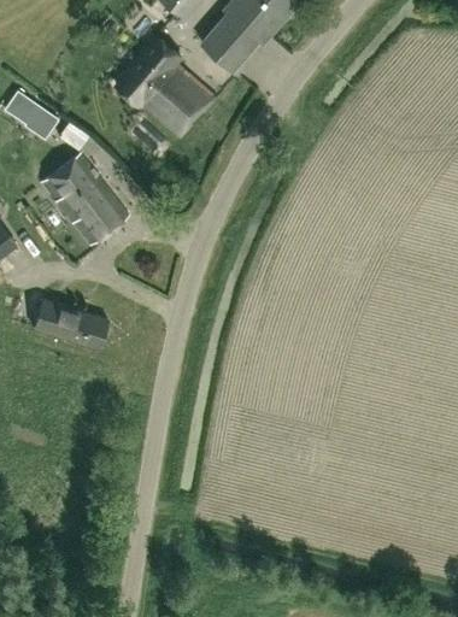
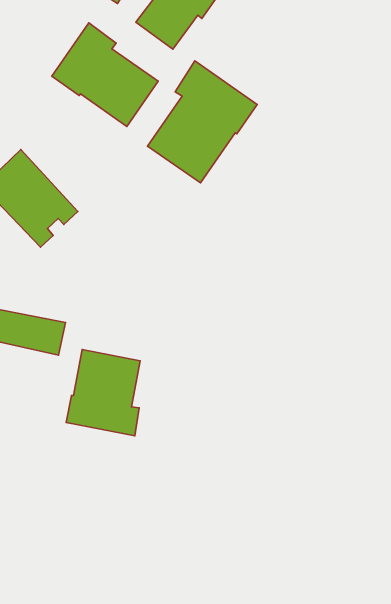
building: none -> [148,61,257,183]
building: none -> [66,350,140,436]

